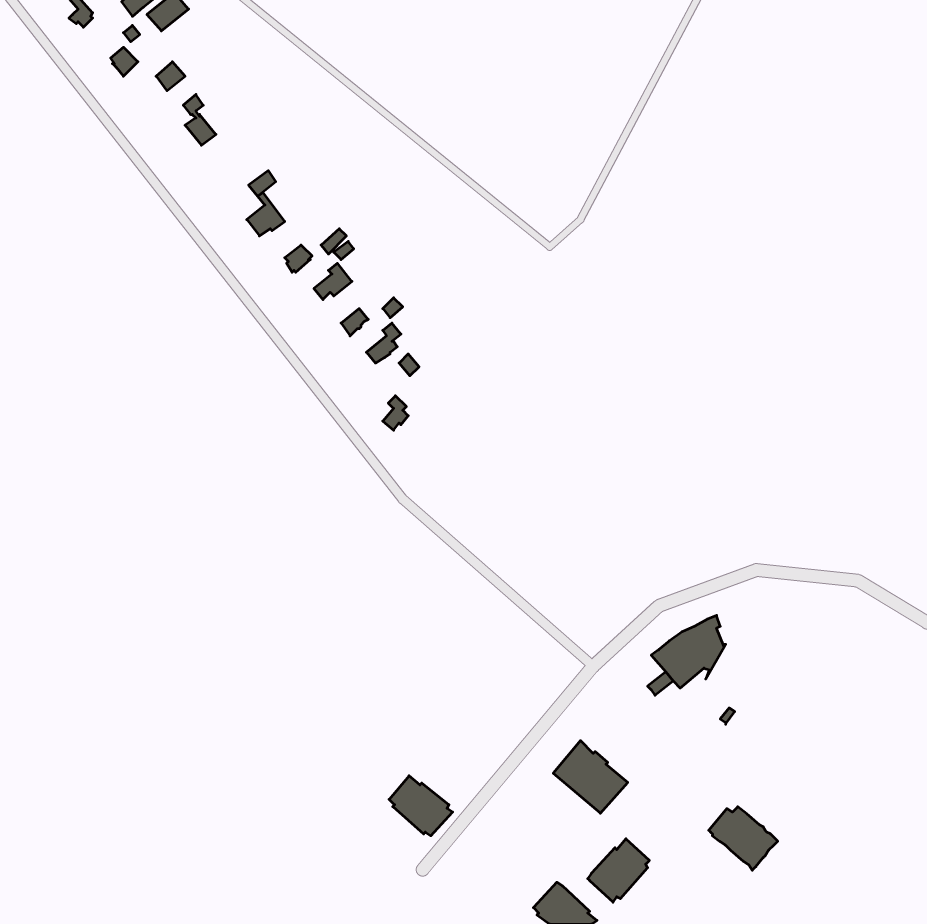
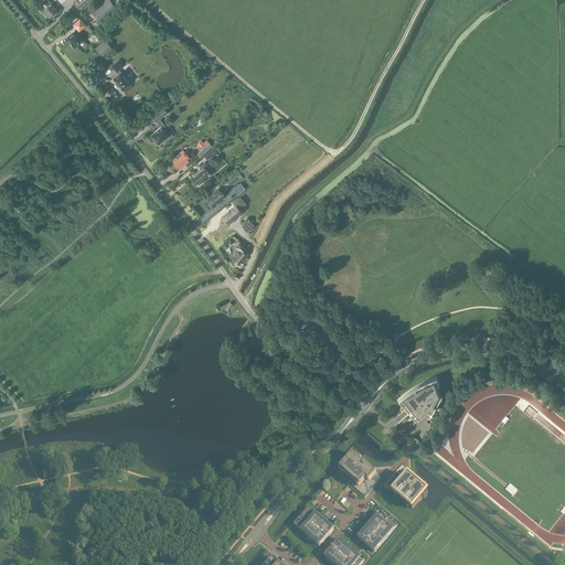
building: [389,776,453,836] -> [295,505,333,542]
building: [709,807,778,870] -> [385,468,427,507]

